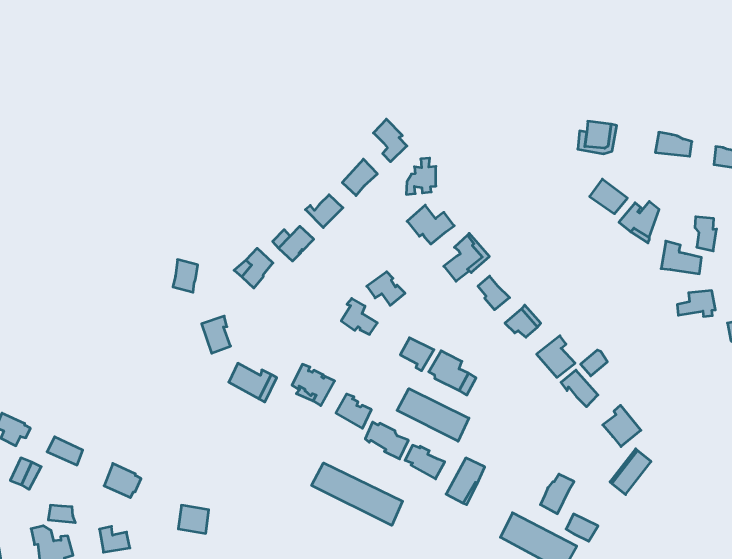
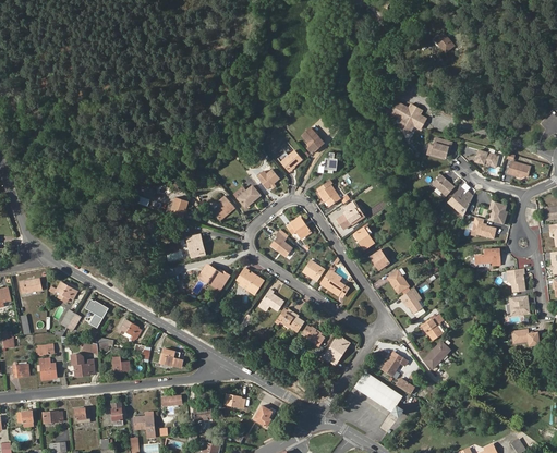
building: none -> [389,105,423,130]
building: [397,389,469,441] -> none
building: [312,463,403,525] -> none

